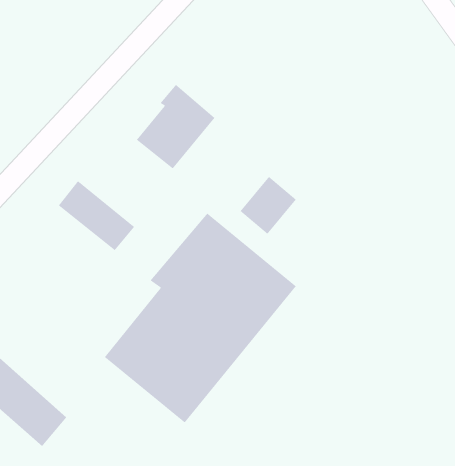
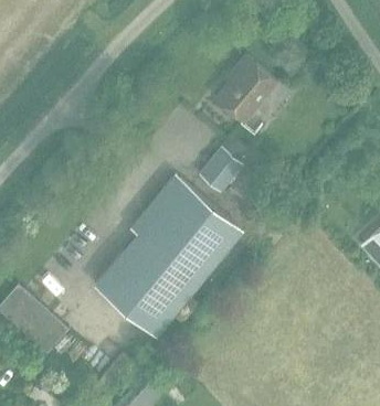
building: [136,84,215,169] -> [215,58,275,122]
building: [58,180,135,251] -> none

